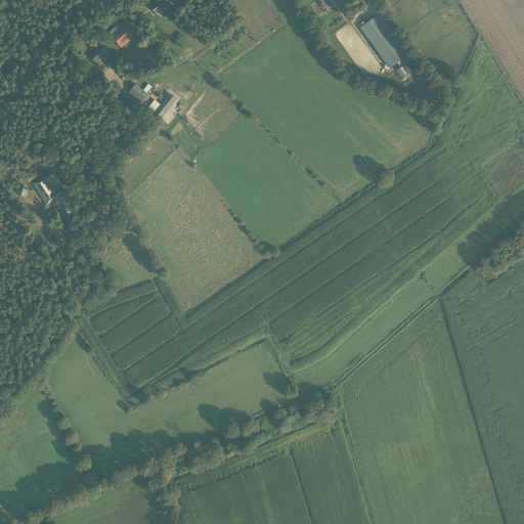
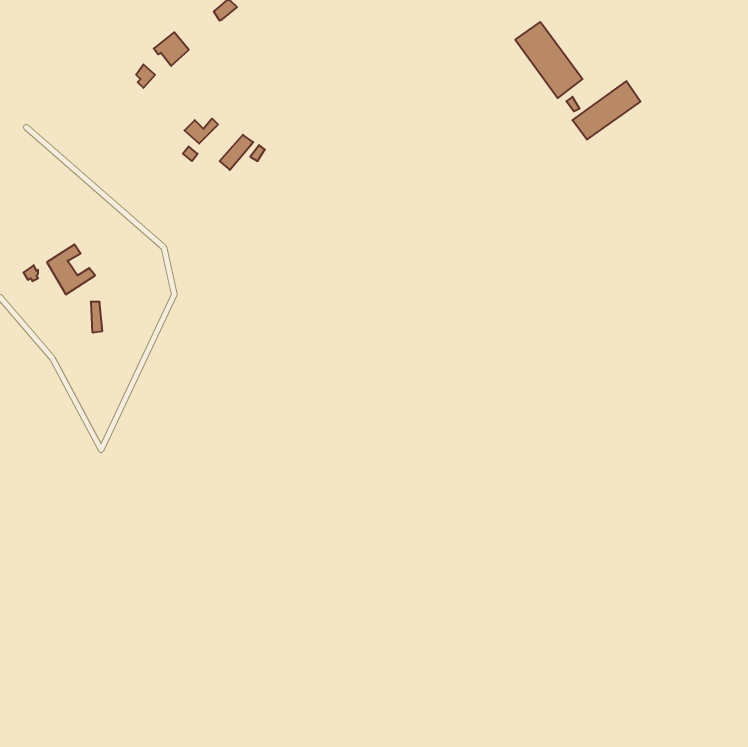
building: none -> [572,81,640,140]

